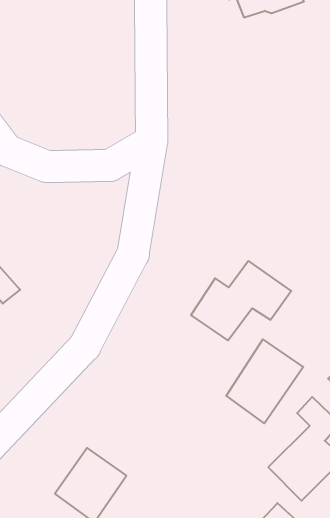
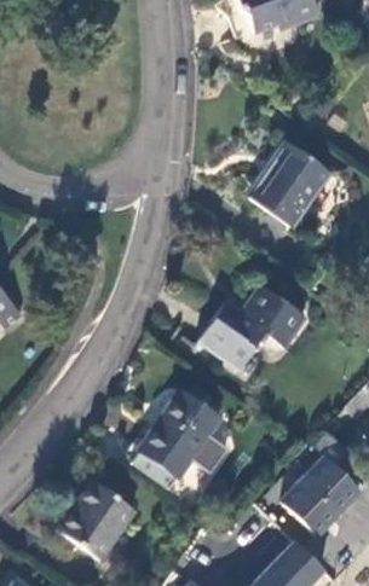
building: none -> [253,139,331,226]
building: [226,339,303,423] -> [139,389,220,477]

